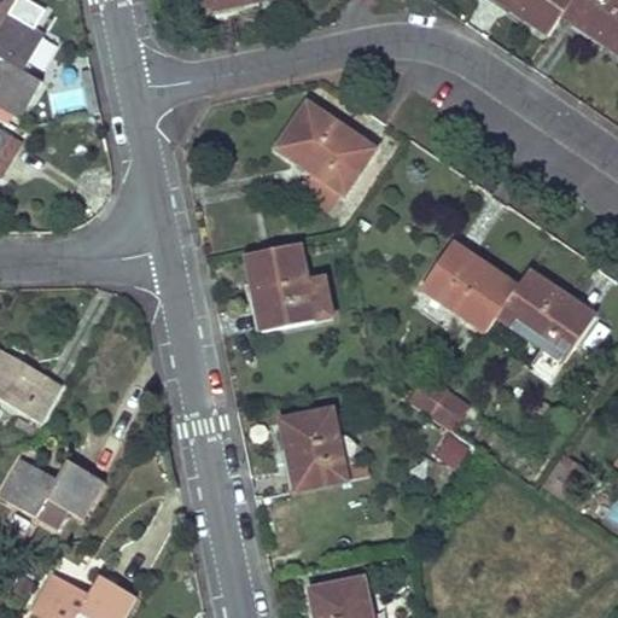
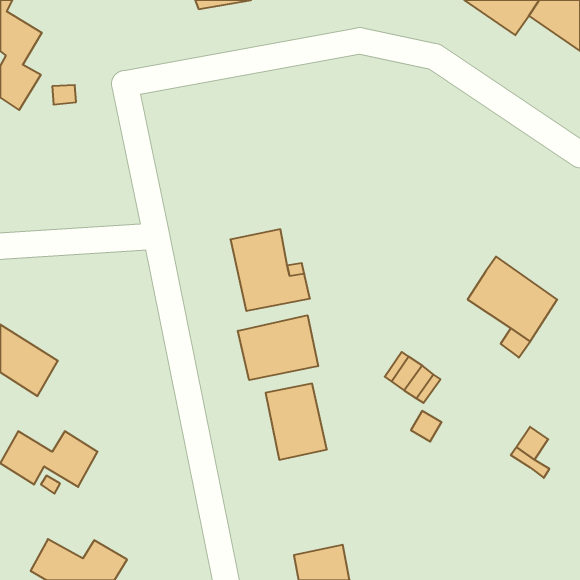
building: [278,105,371,205] -> none
building: [421,244,517,333] -> none
building: none -> [238,315,318,380]

